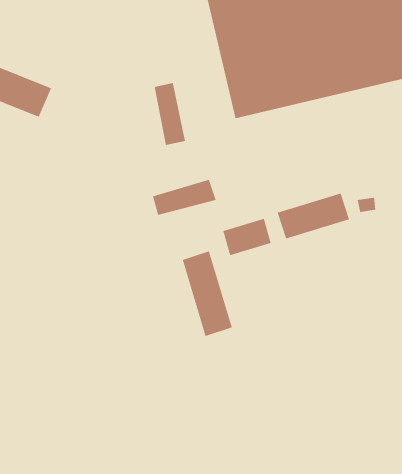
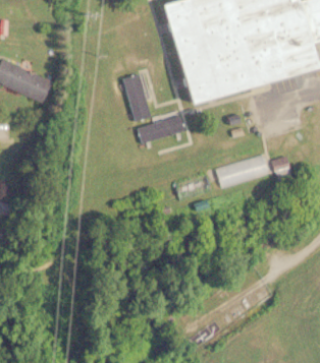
building: [152,179,216,216] -> [139,115,185,141]
building: [182,251,232,337] -> none

